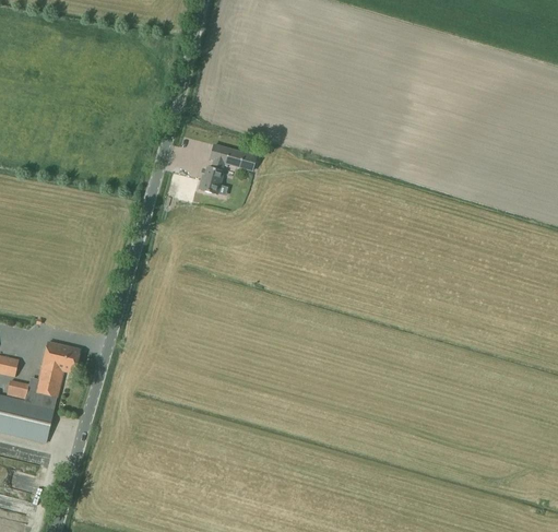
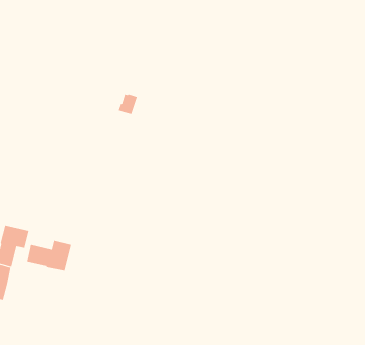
building: [210,144,257,172] -> none
building: none -> [27,240,71,271]

